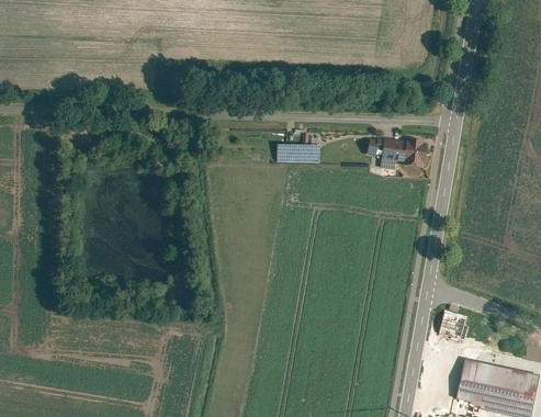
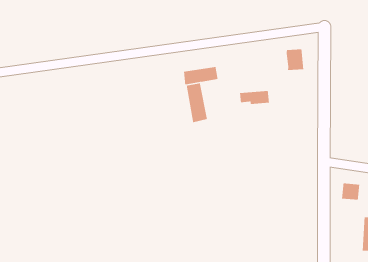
building: [369,140,406,160] -> [239,90,270,105]
building: none -> [186,83,208,123]

